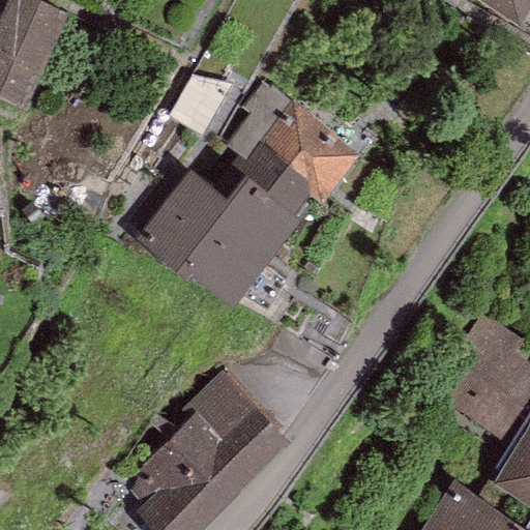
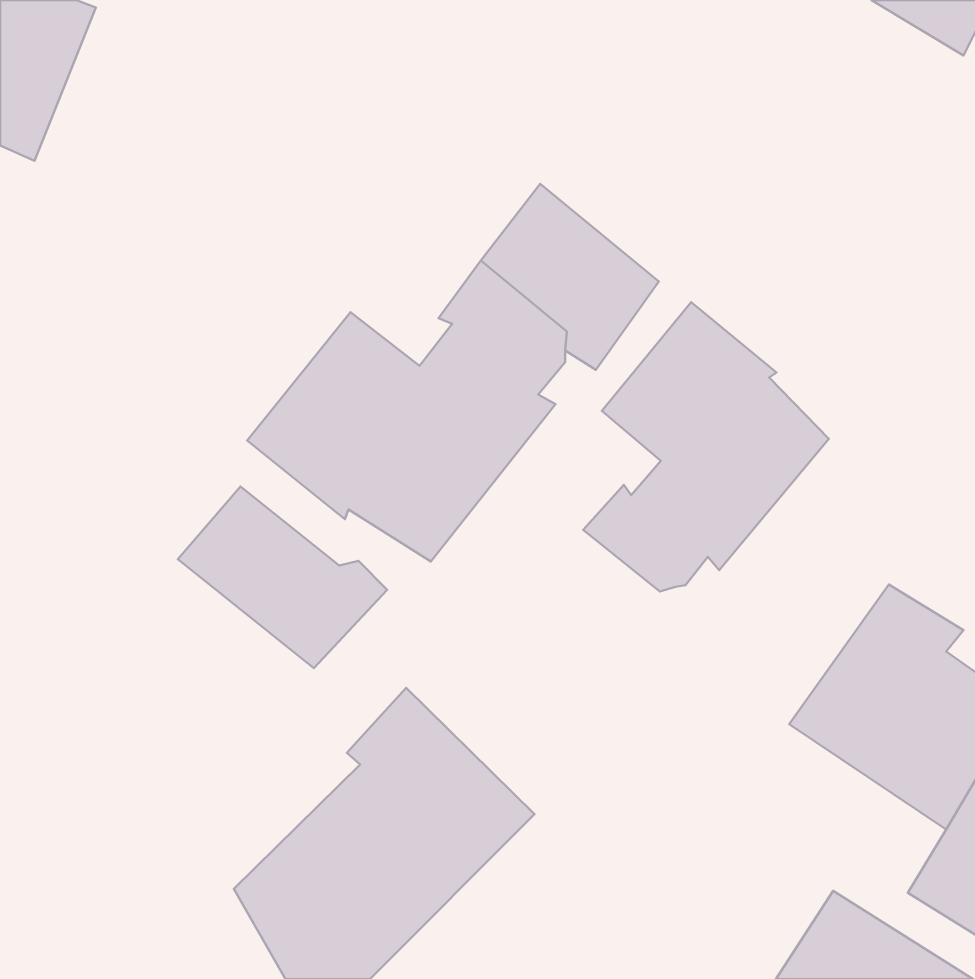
building: none -> [583,302,829,592]
building: none -> [178,486,387,668]

